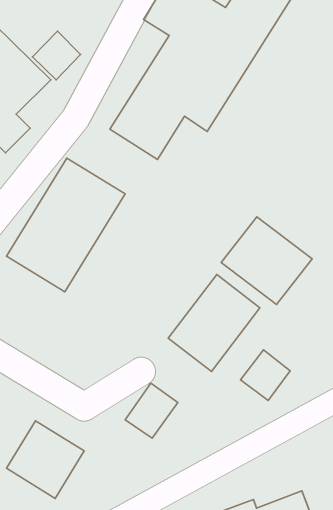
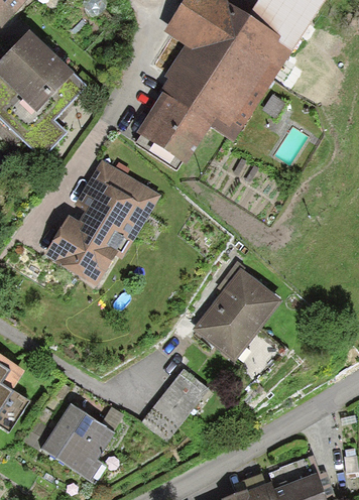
building: [32,31,80,80] -> none
building: [221,217,312,305] -> none
building: [240,350,290,401] -> none

